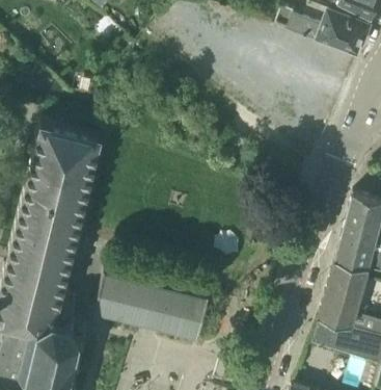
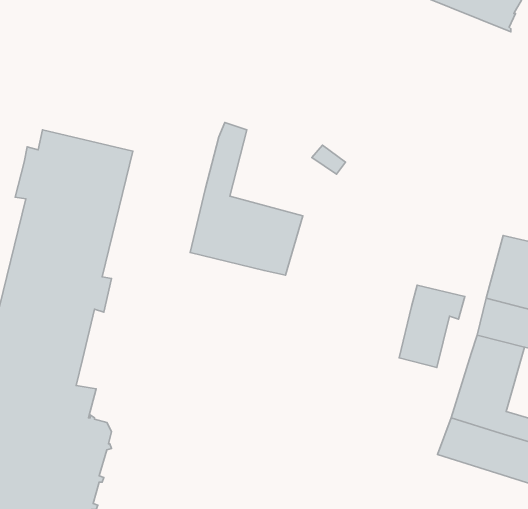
building: none -> [190,123,303,275]
building: none -> [399,285,465,367]
building: [93,270,209,340] -> none

